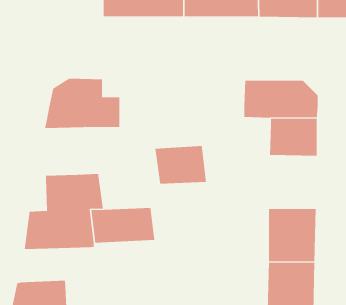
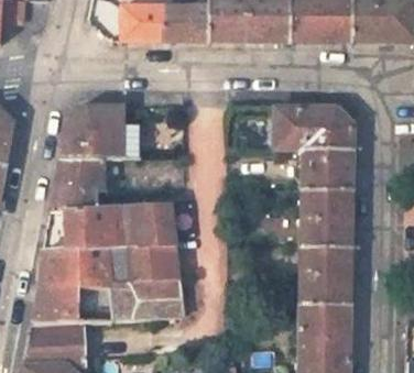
building: none -> [48,158,102,212]
building: [154,145,207,184] -> [118,205,174,246]
building: none -> [299,188,352,245]
building: none -> [33,279,183,325]

